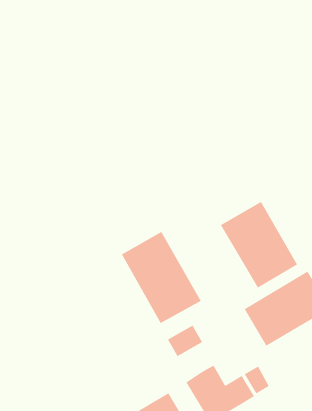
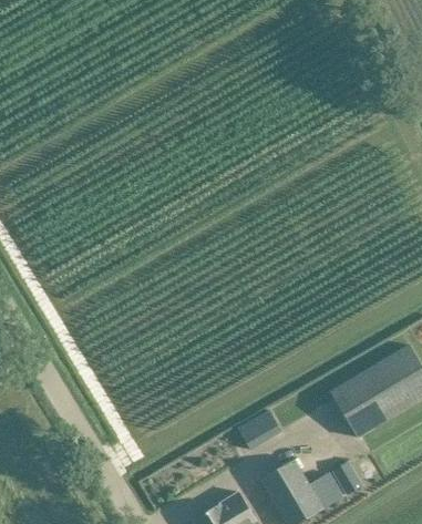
building: [220,201,298,289] -> none
building: [121,231,201,324] -> none

